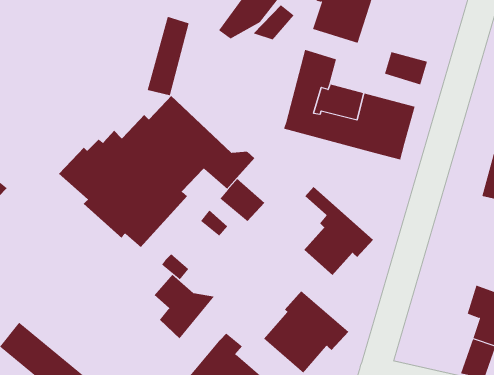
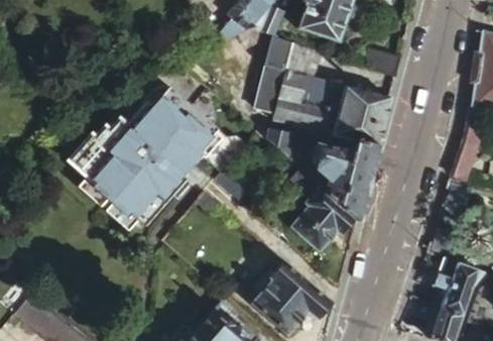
building: [147,16,190,96] -> [253,40,291,112]
building: none -> [266,129,378,222]
building: [154,274,215,339] -> none

